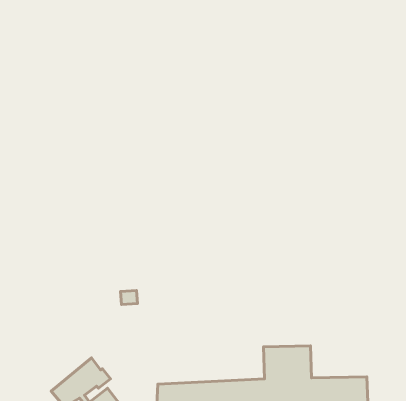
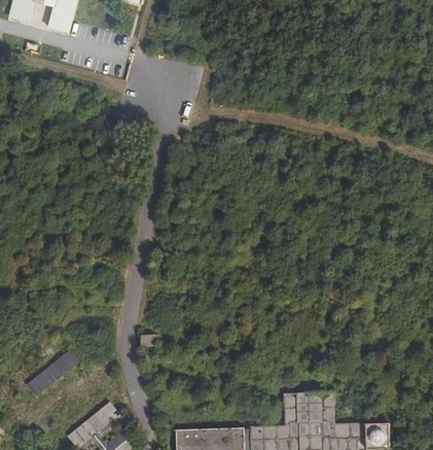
building: none -> [25,352,75,397]

